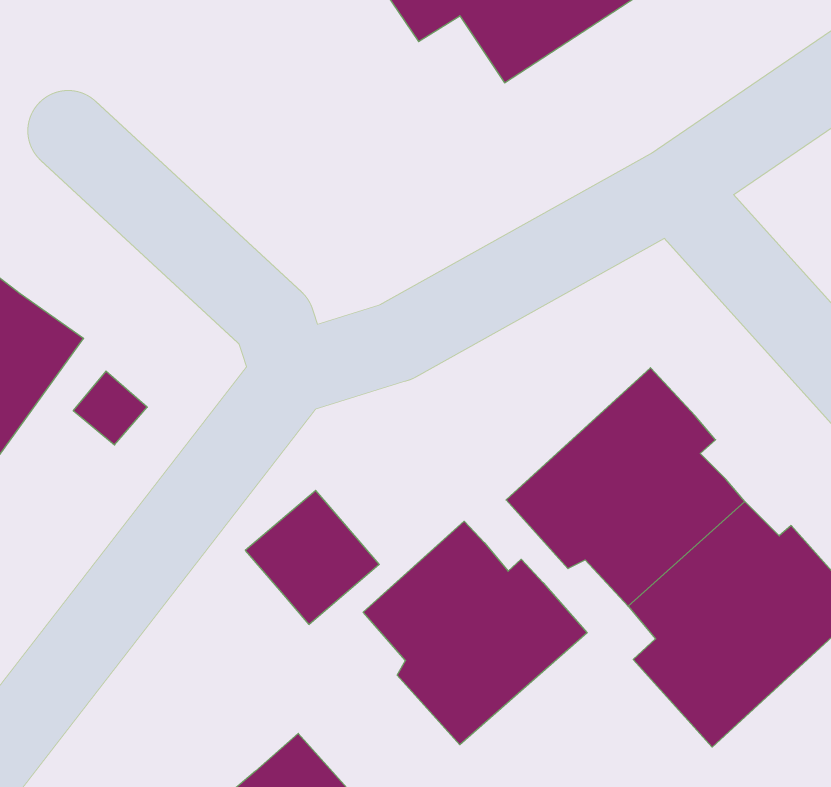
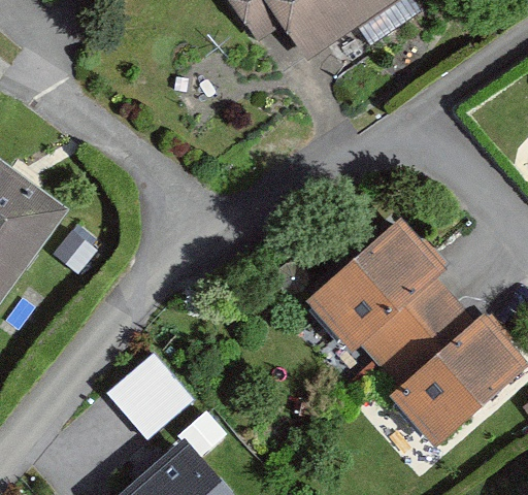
building: [245,490,379,624] -> [108,354,189,434]
building: [363,521,587,745] -> none

